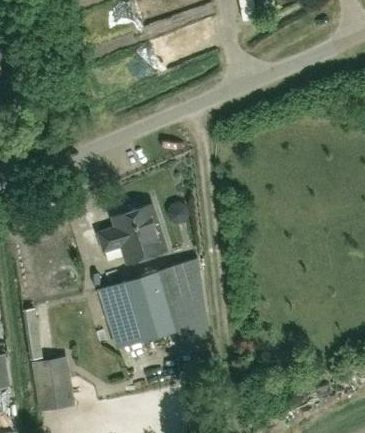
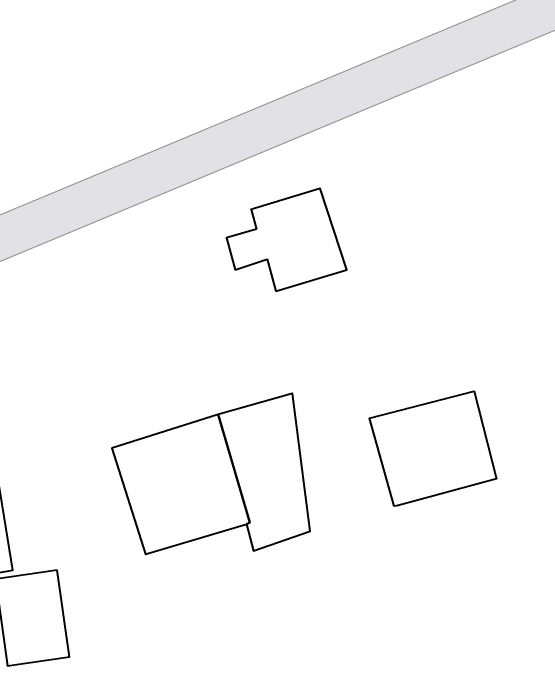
building: [98,204,166,262] -> [226,188,347,291]
building: none -> [369,391,497,506]

